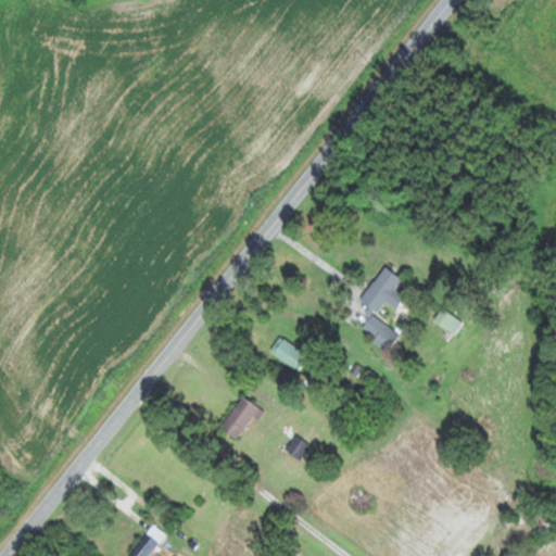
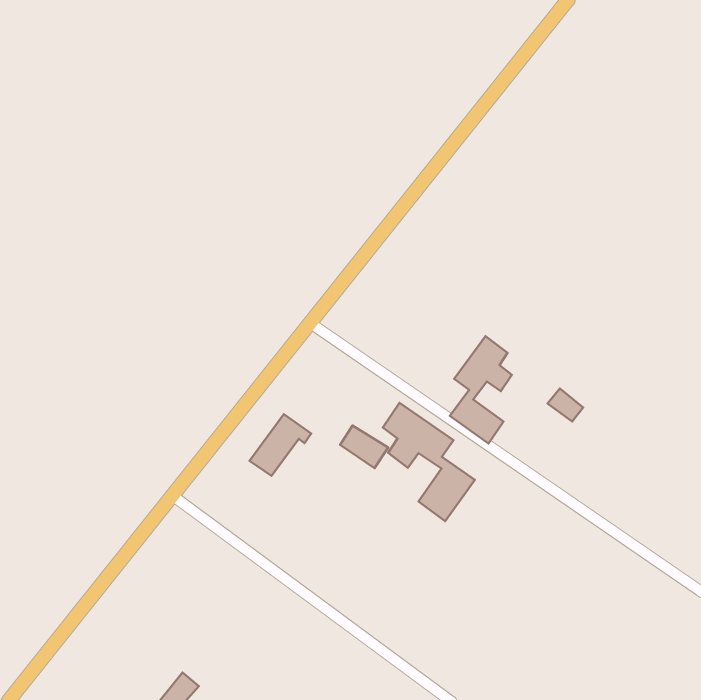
building: none -> [383,403,475,521]
building: [214,396,263,445] -> [250,414,311,476]

